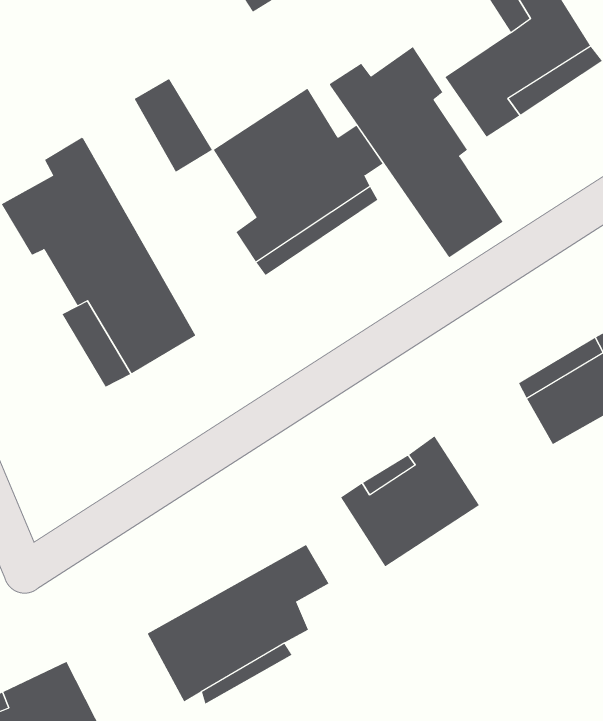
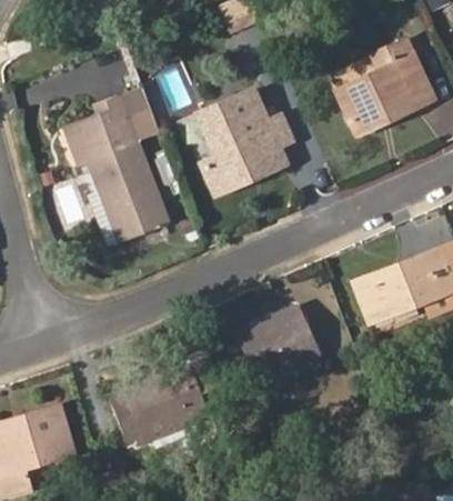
building: [329,46,504,258] -> none
building: [134,78,213,173] -> [119,87,161,143]

